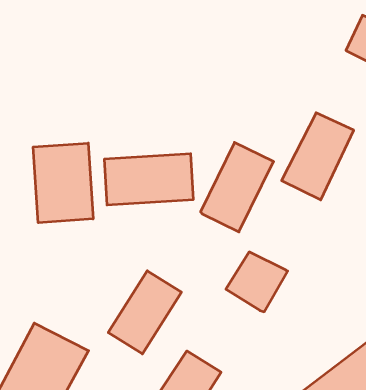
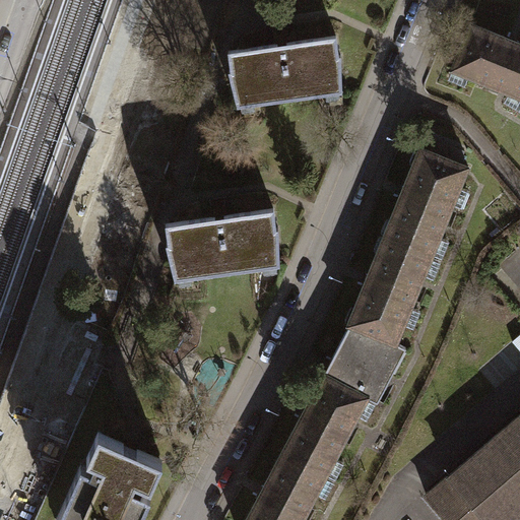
building: none -> [225,40,339,110]
building: [201,142,274,232] -> [348,238,434,347]
building: [33,143,93,223] -> none
building: [108,271,181,354] -> [282,376,369,478]

